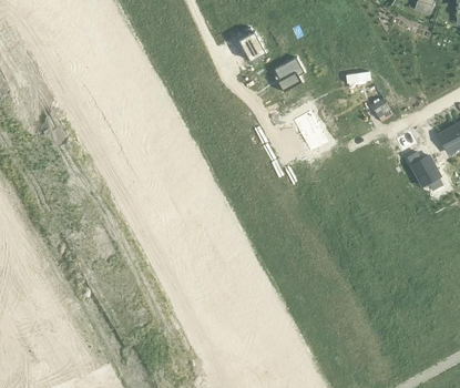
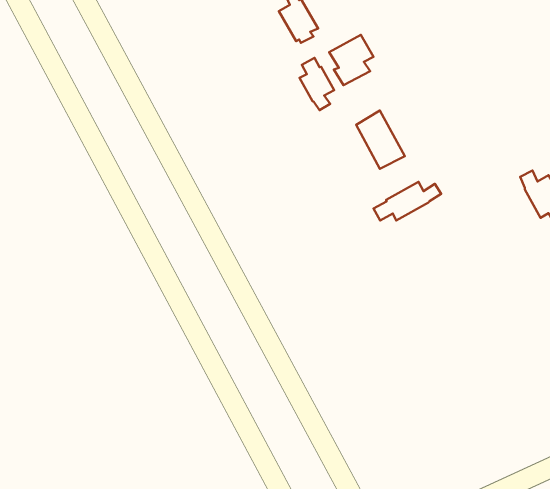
building: none -> [300,58,334,110]
building: none -> [374,182,441,220]

